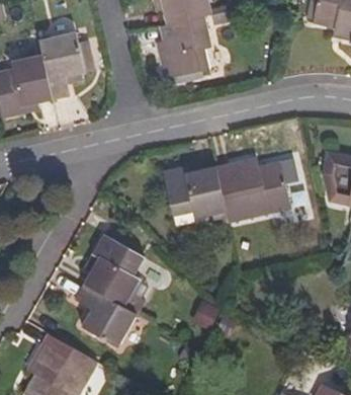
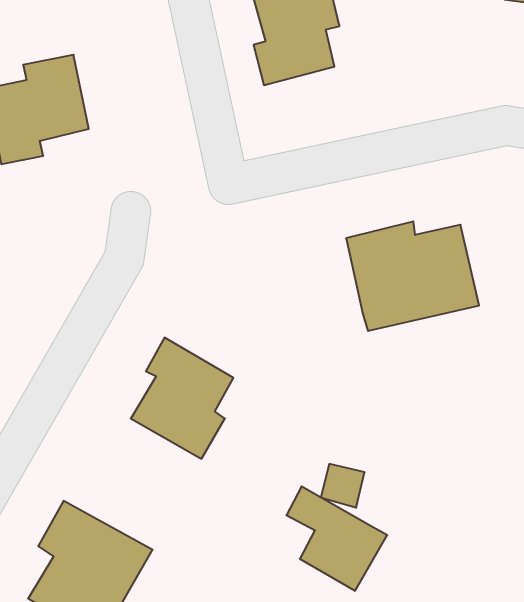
building: [46,34,89,101] -> none
building: [160,167,223,218] -> none
building: [74,275,135,338] -> [286,486,387,591]

